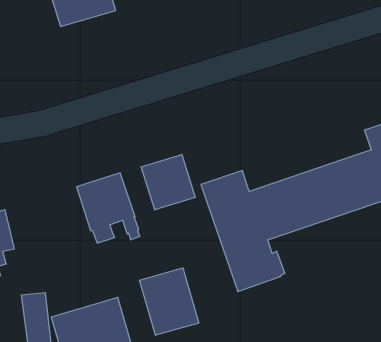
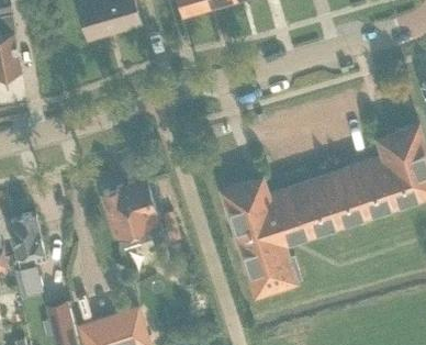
building: [141,154,195,210] -> none
building: [140,268,199,335] -> none

